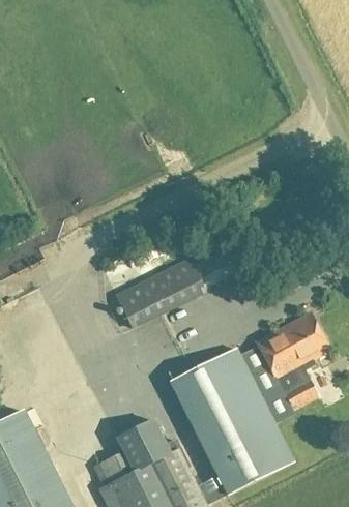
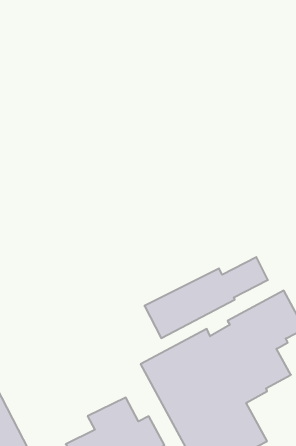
building: [116,247,239,328] -> [144,257,268,338]

